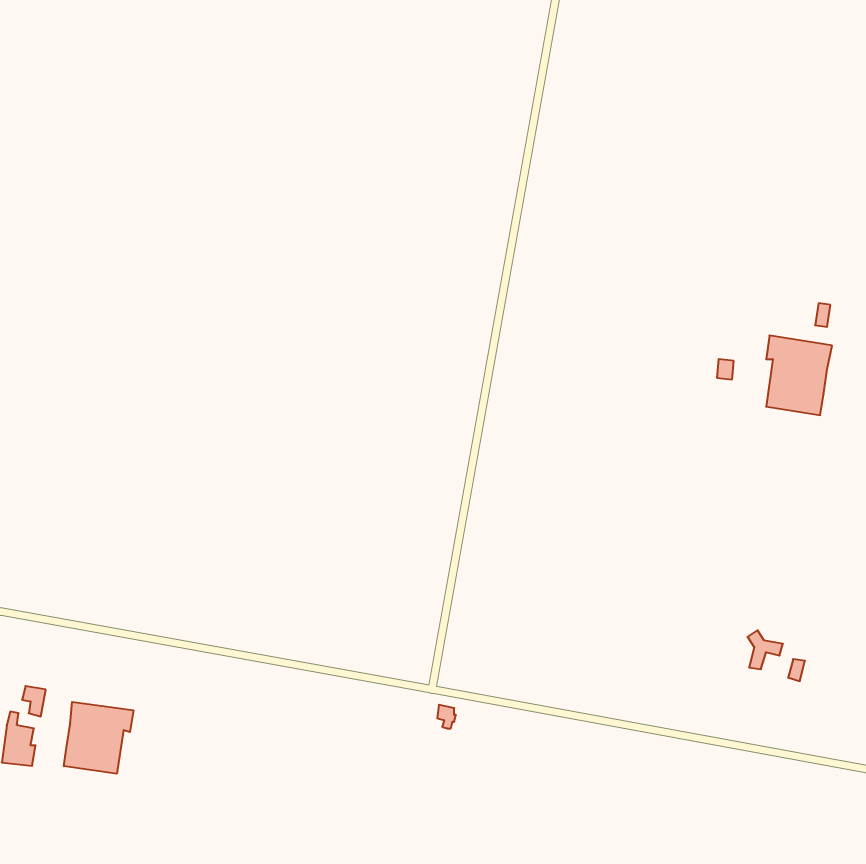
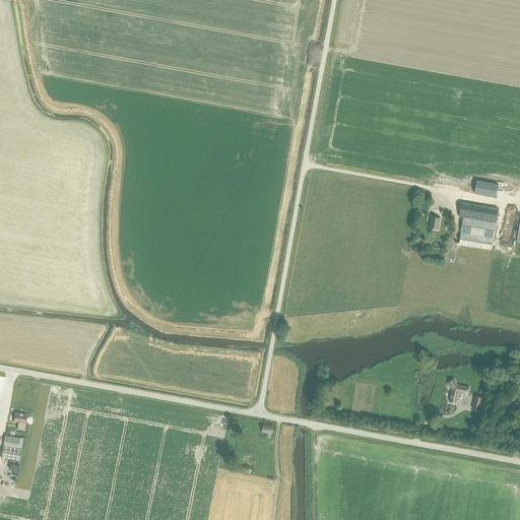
building: [64,702,133,774] -> none

